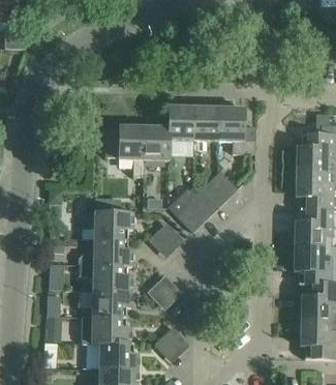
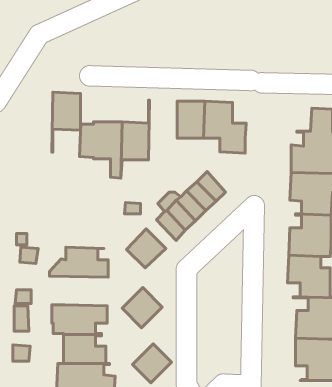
building: [167,106,193,159] -> [52,92,80,152]
building: [80,212,132,239] -> none
building: [79,264,131,291] -> none

